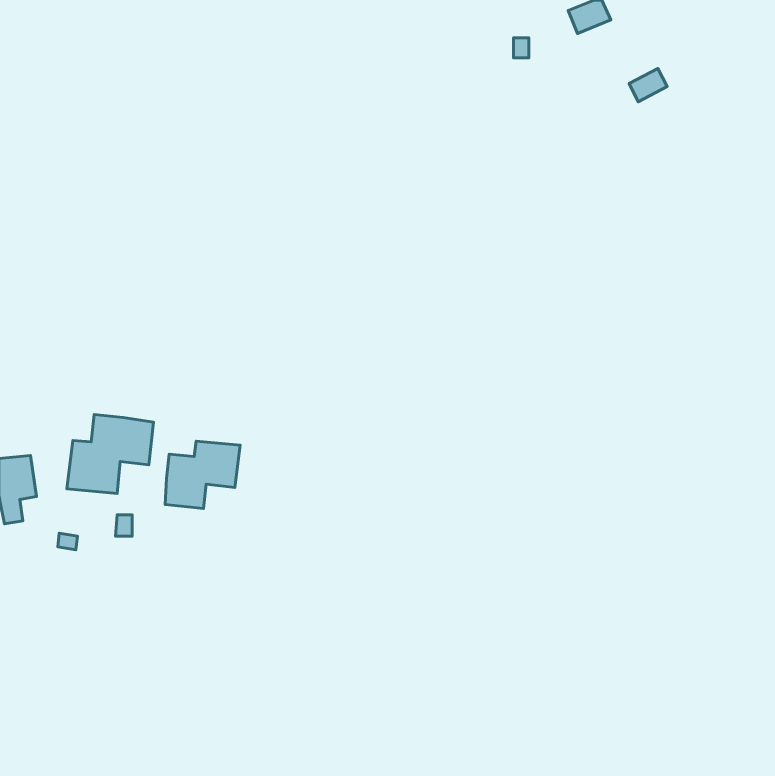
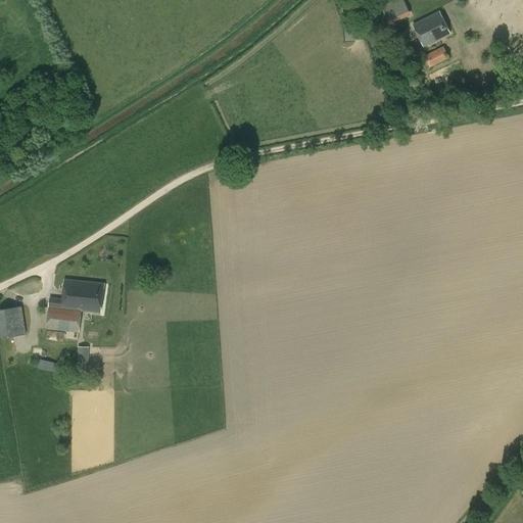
building: none -> [412,12,449,47]
building: [165,441,240,508] -> none

